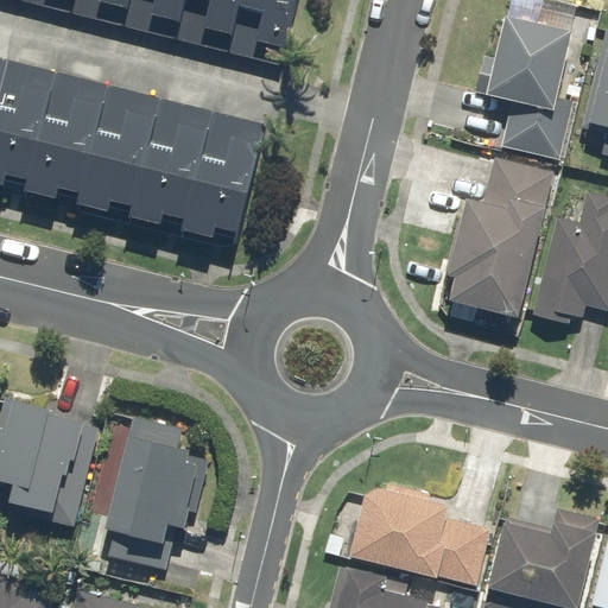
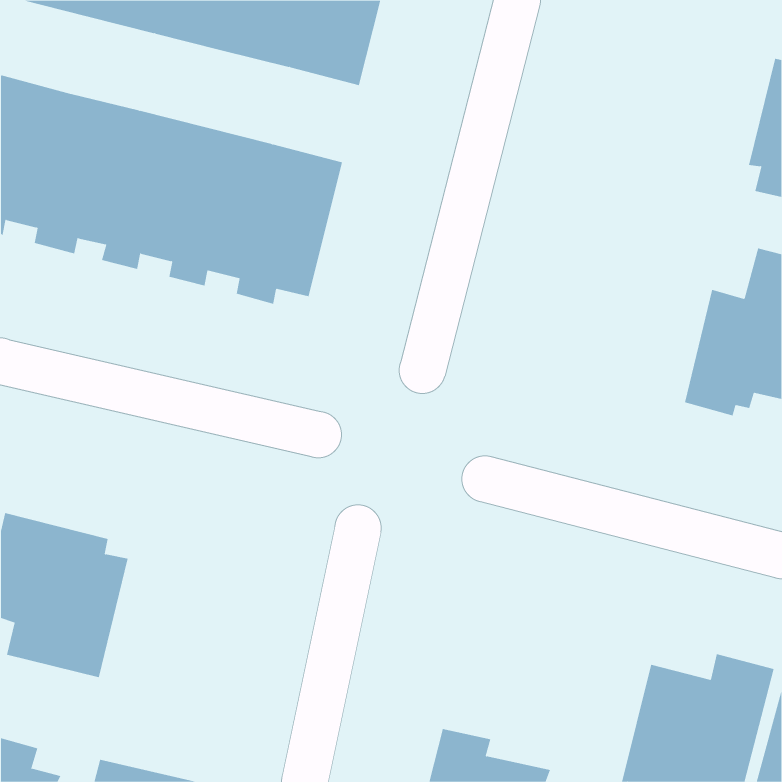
building: [483,14,583,160] -> none
building: [445,157,553,317] -> none
building: [99,418,198,568] -> none
building: [347,482,492,585] -> none

